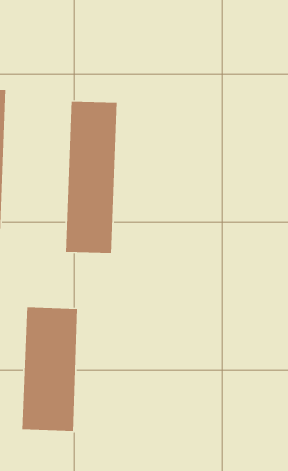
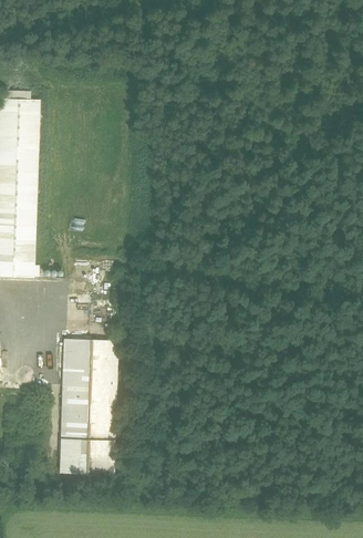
building: [65,101,117,254] -> none

